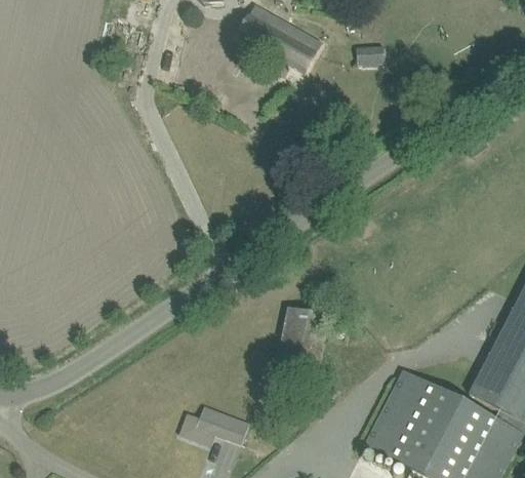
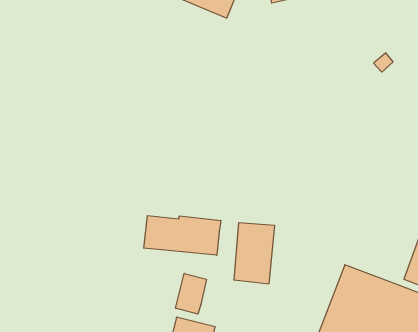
building: none -> [144,216,221,255]
building: none -> [176,273,206,314]

